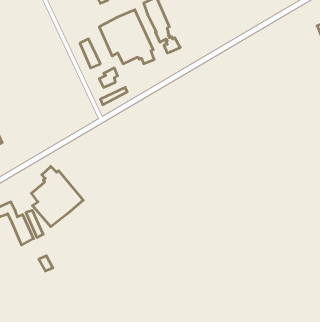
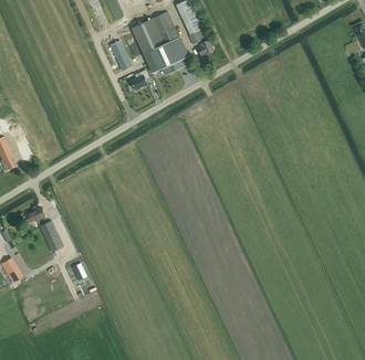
building: [31,166,83,227] -> none

